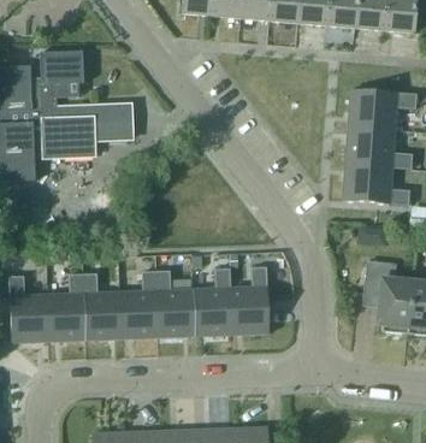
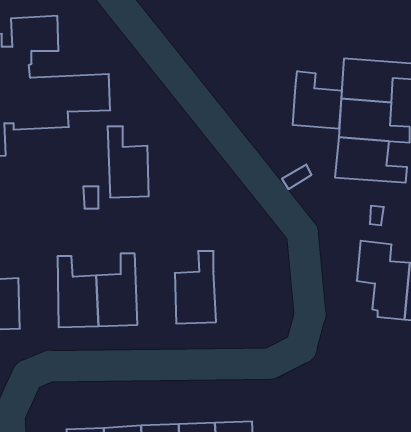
building: none -> [293,71,342,129]
building: [229,267,268,335] -> none
building: [155,271,194,337] -> [107,126,149,197]
building: [47,273,84,341] -> none

